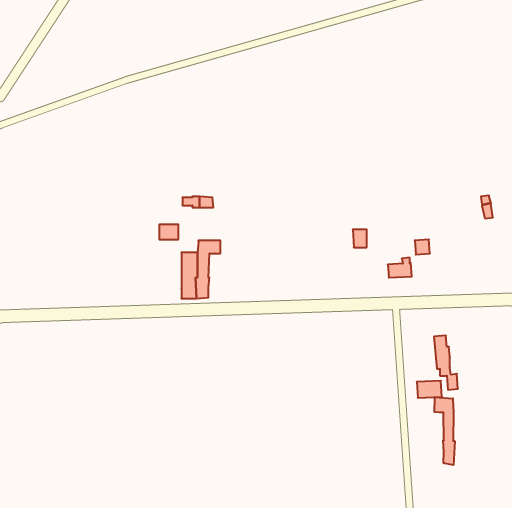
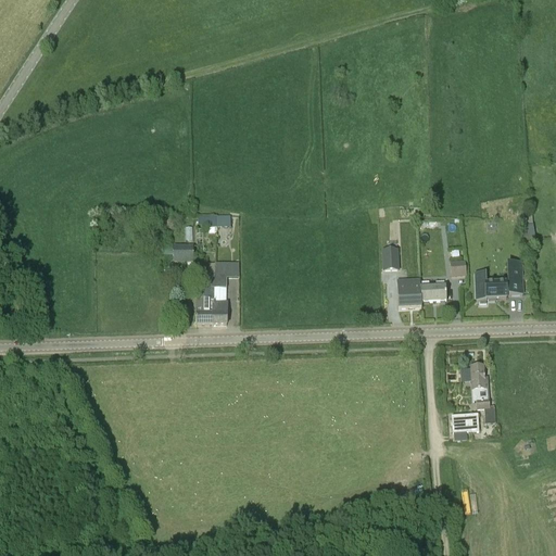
building: none -> [475,260,522,302]
building: none -> [396,278,421,307]
building: [434,397,455,465] -> none

